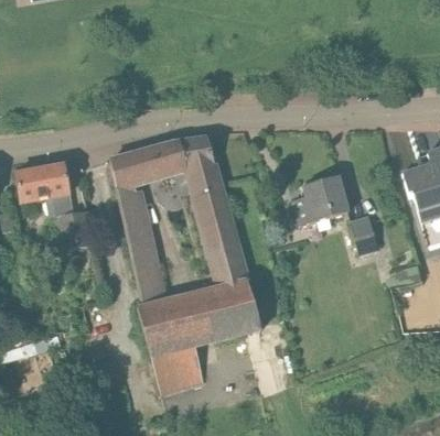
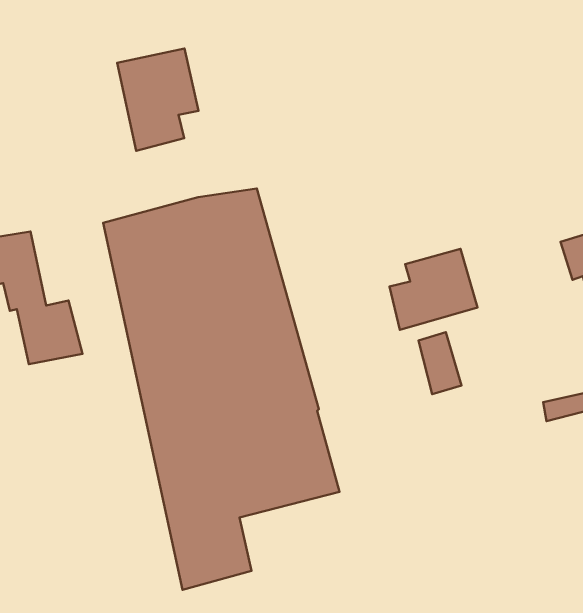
building: none -> [117,49,198,151]
building: [351,215,378,254] -> [418,332,461,394]

